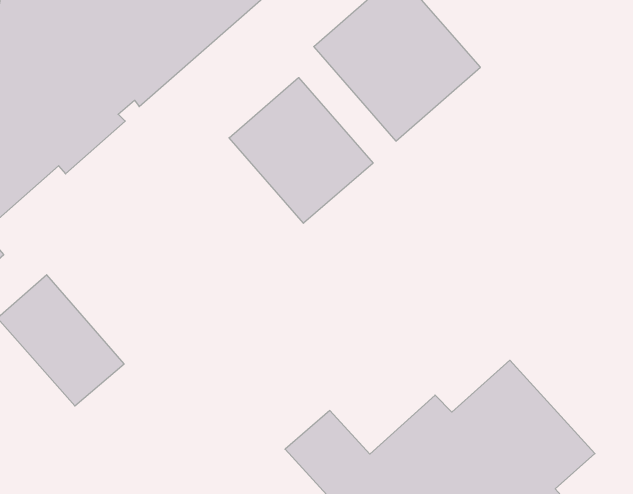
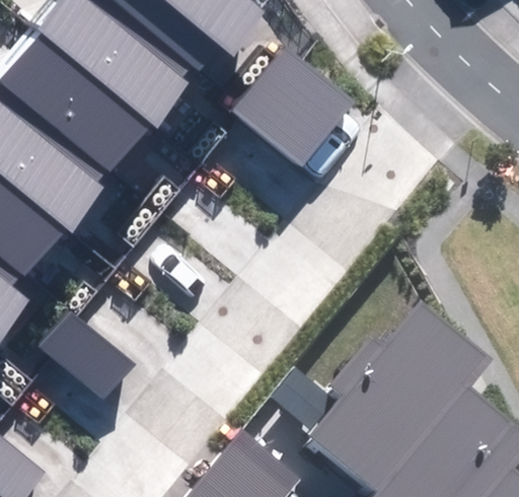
building: [229,78,373,223] -> none

